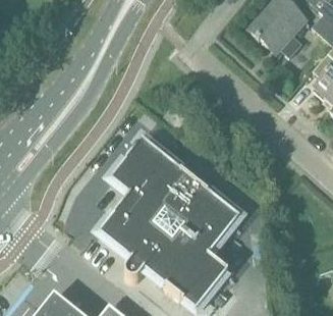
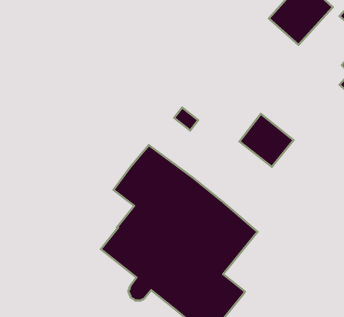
building: none -> [240,114,293,167]

